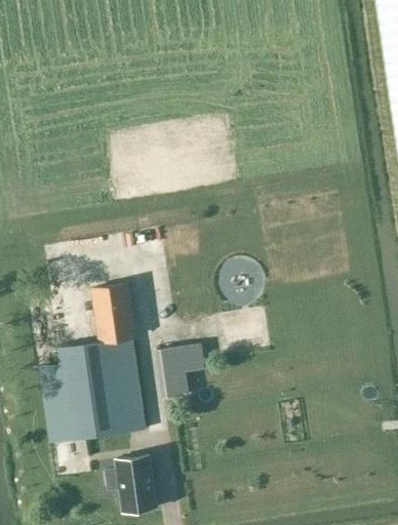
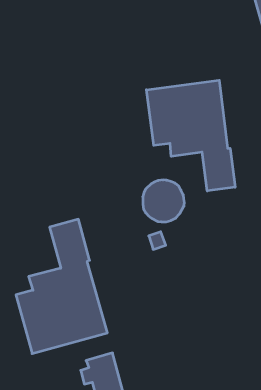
building: none -> [146,80,235,191]
building: [155,342,205,399] -> none

